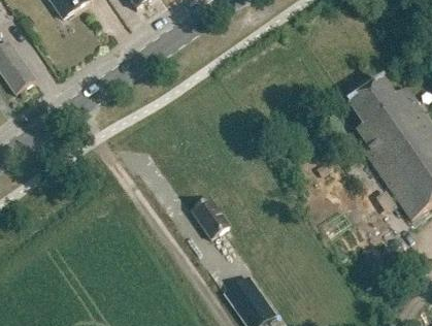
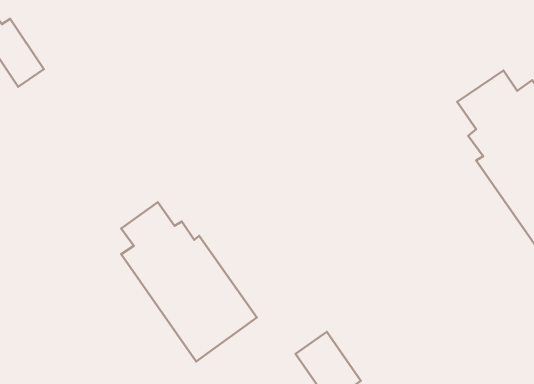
building: none -> [121,202,257,361]
building: [191,196,229,237] -> none

